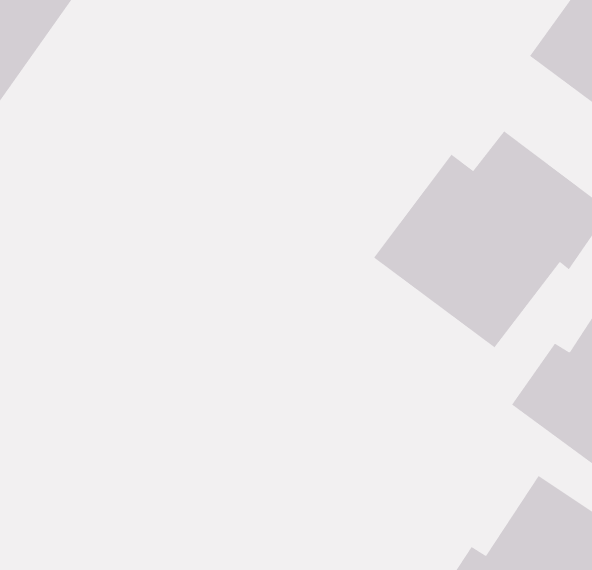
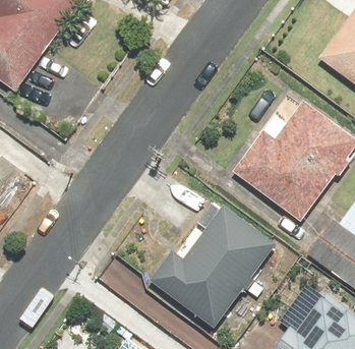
building: none -> [150,206,276,328]

